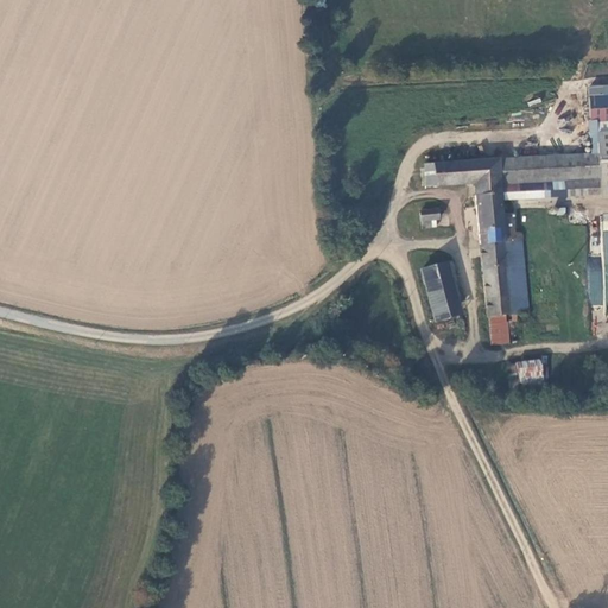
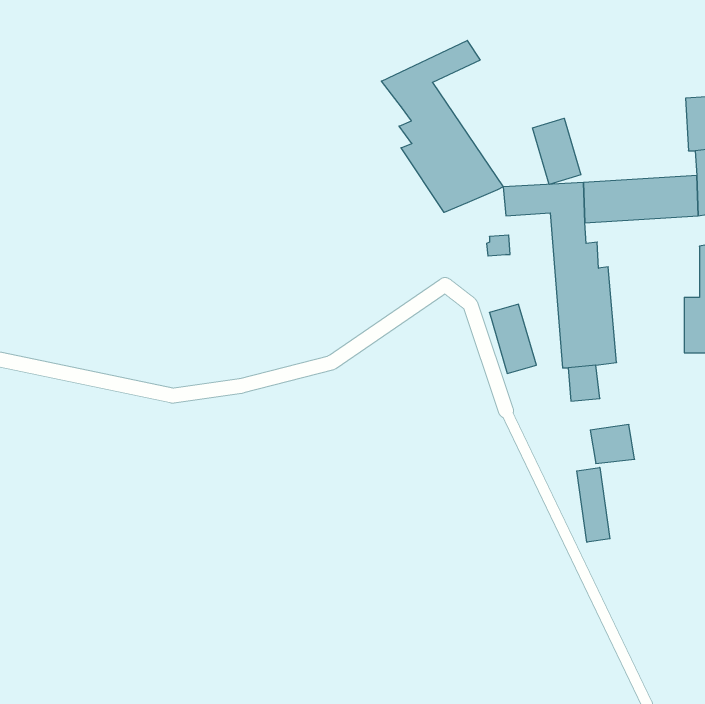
building: none -> [381,40,503,212]
building: none -> [533,118,581,184]
building: none -> [577,467,610,542]

